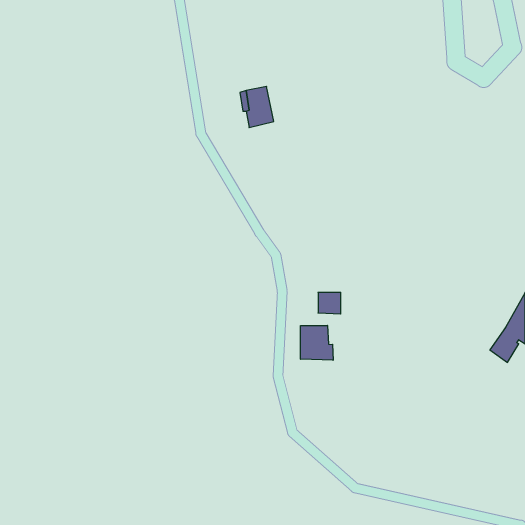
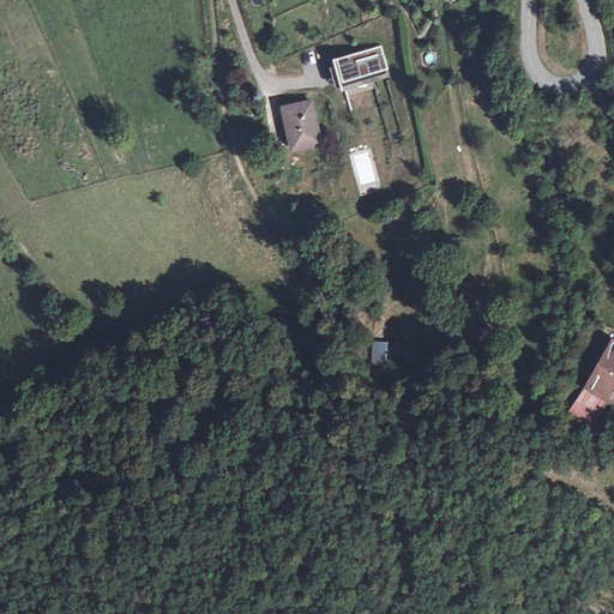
building: none -> [330,47,387,88]
building: [301,325,333,360] -> none

